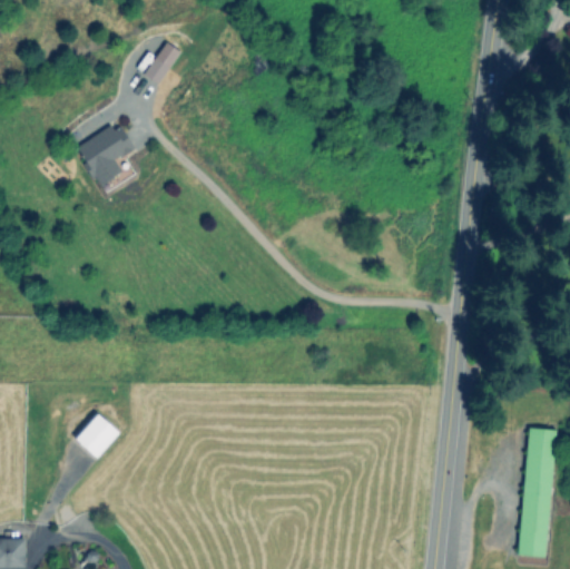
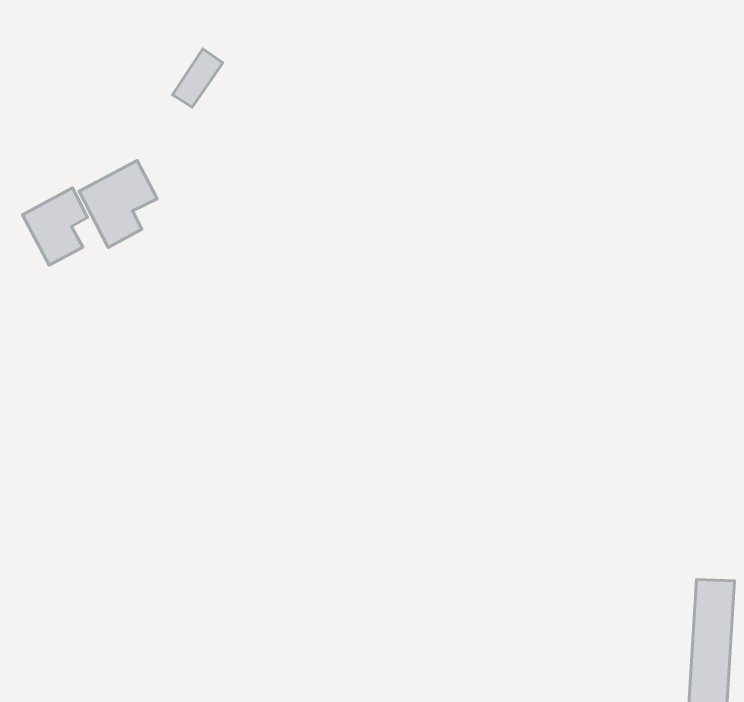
building: none -> [22,188,87,265]
building: [76,413,120,458] -> none

